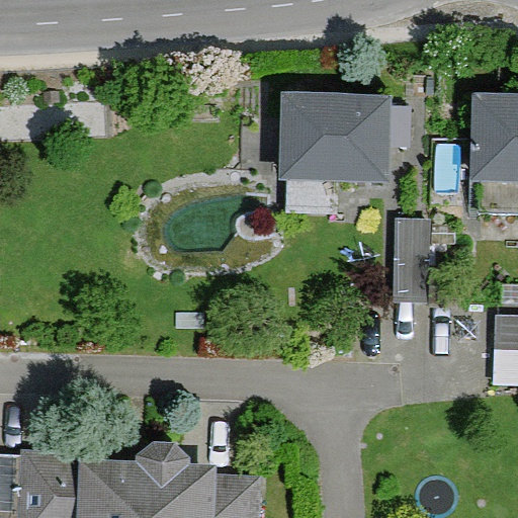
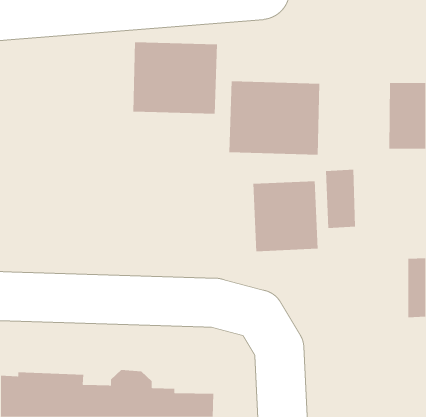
building: none -> [133,41,217,114]
building: none -> [253,181,318,252]

